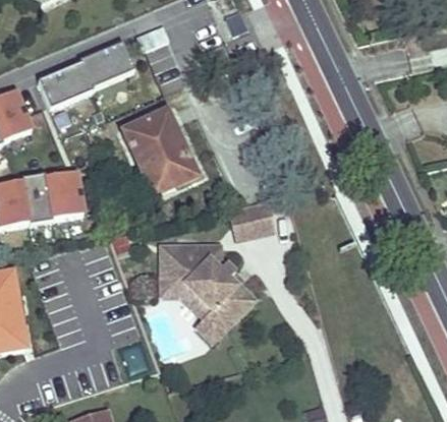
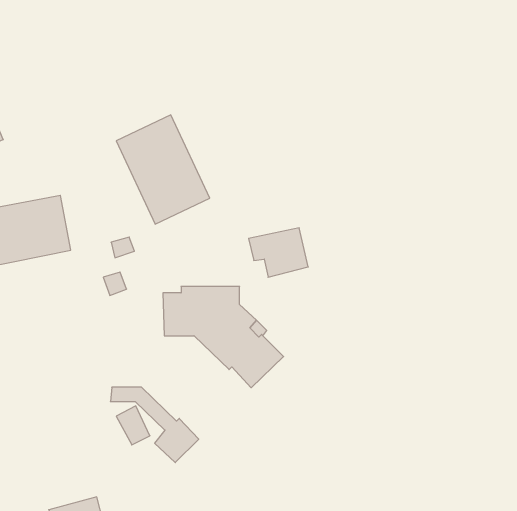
building: [45,44,134,106] -> none
building: [160,280,229,339] -> [110,387,199,463]

